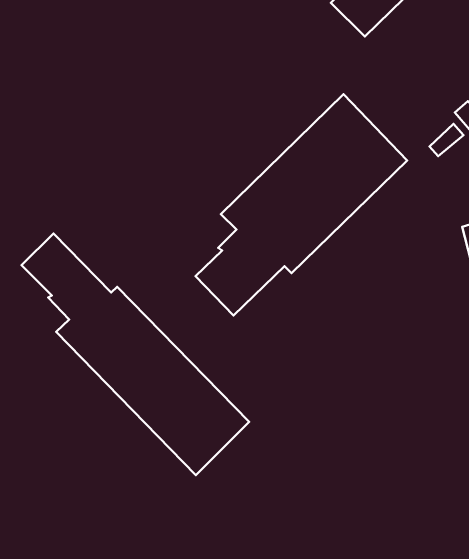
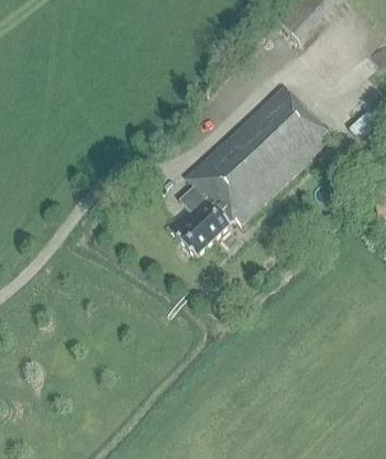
building: [22,233,249,475] -> none

